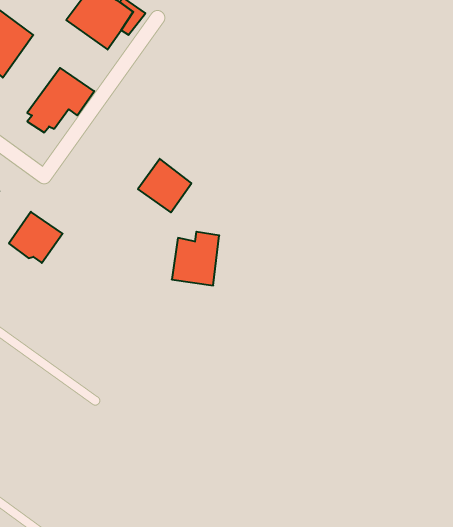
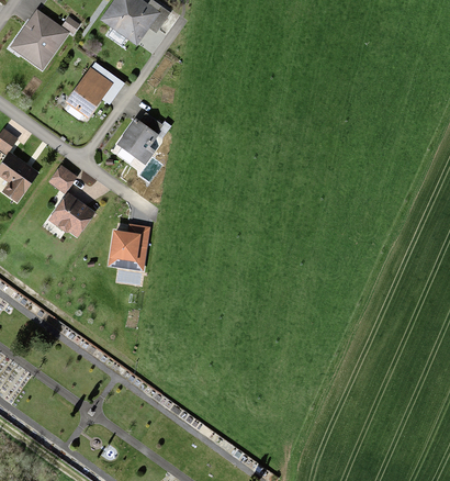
building: [138,159,191,212] -> [115,116,164,165]
building: none -> [47,164,77,193]
building: [172,232,219,285] -> [106,223,149,271]

